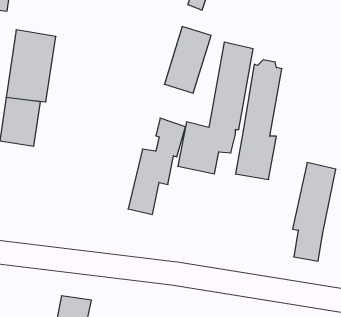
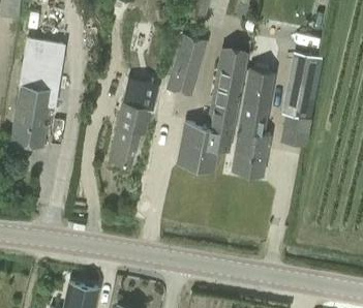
building: [128,118,186,214] -> [108,75,161,165]
building: [293,163,336,261] -> [282,53,323,145]

